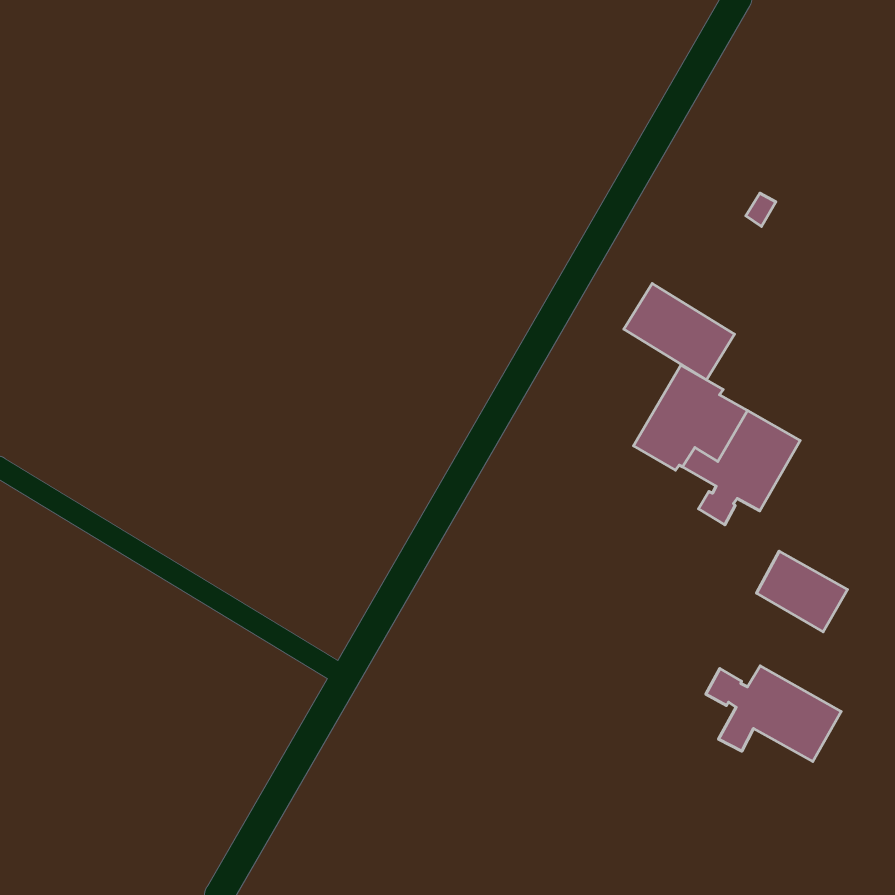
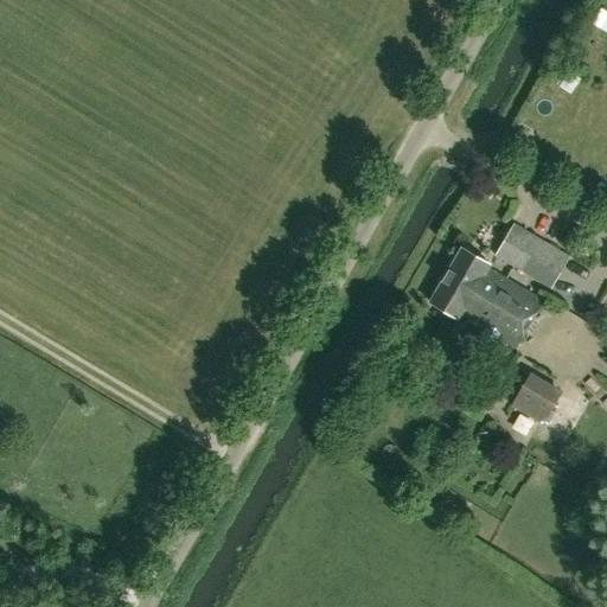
building: [624,283,735,380] -> [494,223,569,288]
building: [706,666,841,761] -> none

